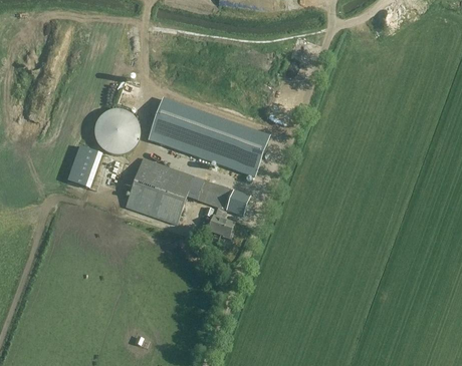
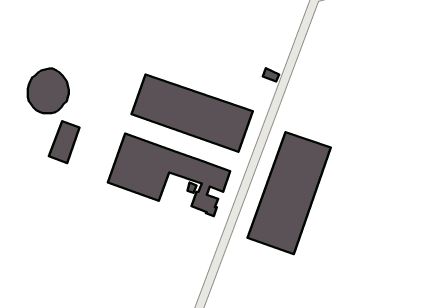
building: [94,108,135,152] -> [28,68,69,113]
building: none -> [248,132,331,254]

